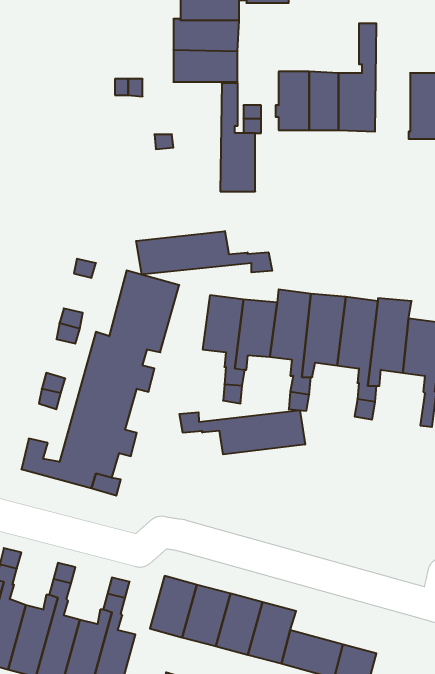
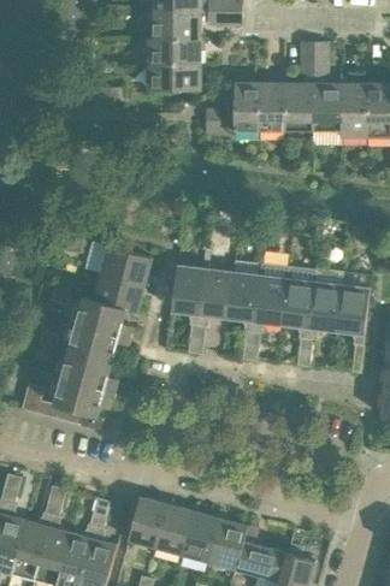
building: [220,83,255,191] -> [313,42,342,131]
building: [136,231,272,275] -> none
building: [179,410,305,454] -> none

